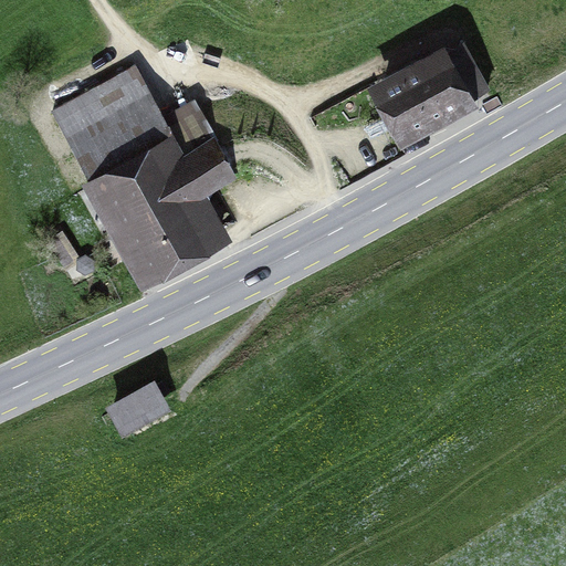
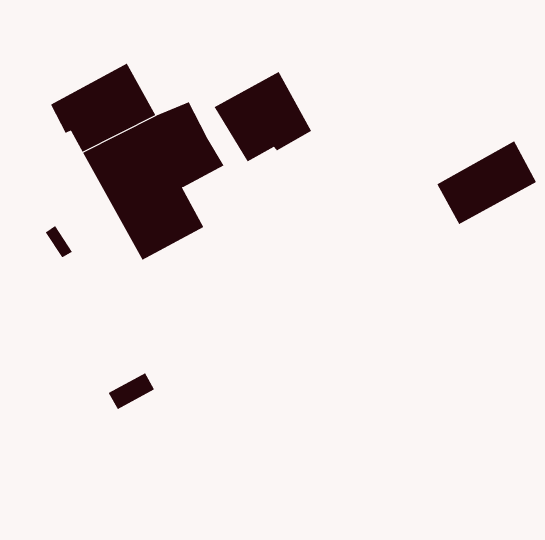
building: [380,50,484,137] -> [436,140,537,225]
building: none -> [214,71,312,162]

